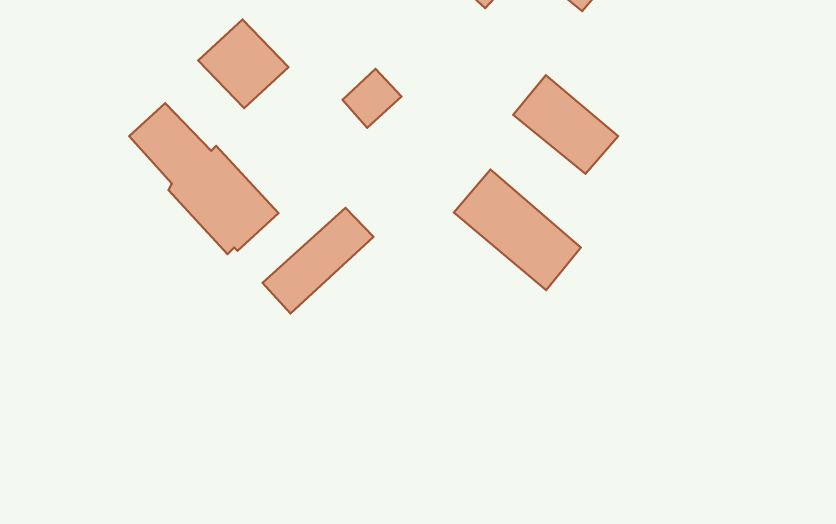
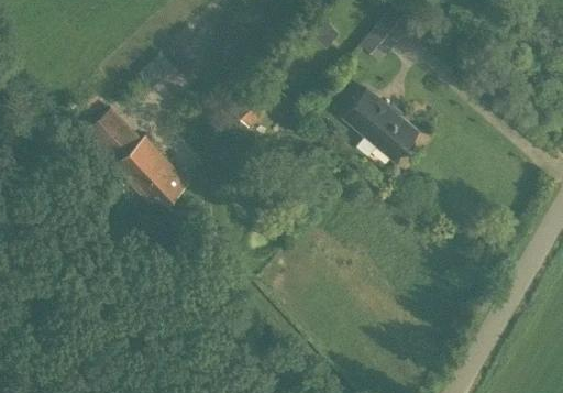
building: [454,169,581,290] -> none
building: [263,208,374,313] -> none

